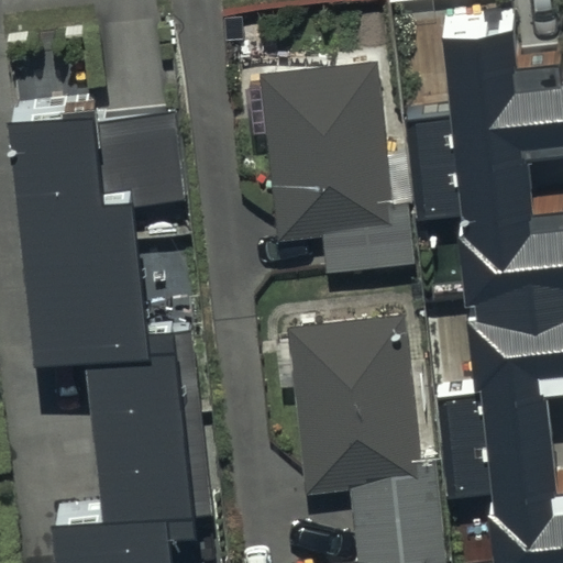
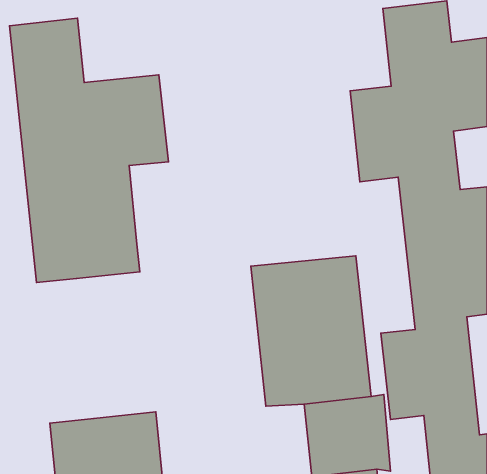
building: [260,59,417,272] -> none
building: [88,295,201,498] -> none

